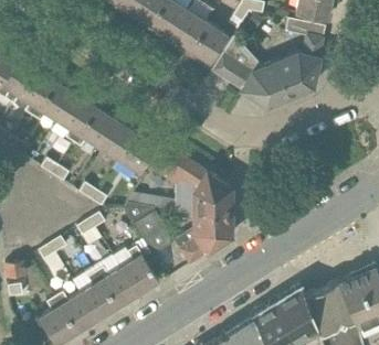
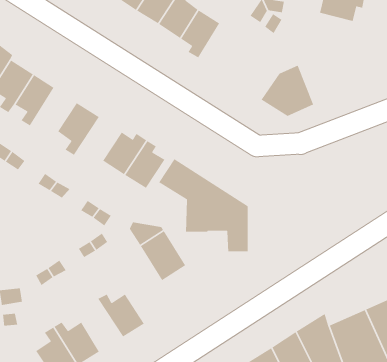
building: [277,19,326,96] -> none
building: [187,22,228,63] -> none
building: [212,40,260,91] -> none
building: [34,80,76,121] -> none
building: [74,107,117,147] -> none
building: [180,211,232,265] -> none
building: [120,246,159,294] -> none
building: [81,271,118,320] -> none

